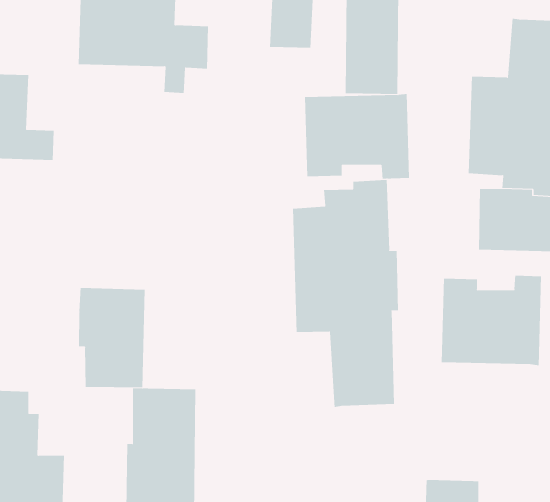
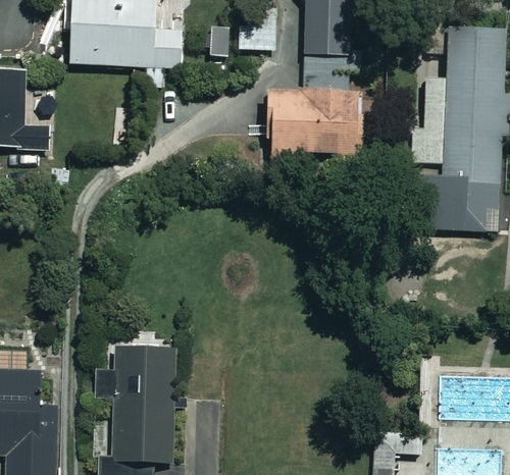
building: [292,179,398,408] -> none
building: [441,275,541,366] -> none
building: [78,287,145,388] -> none

